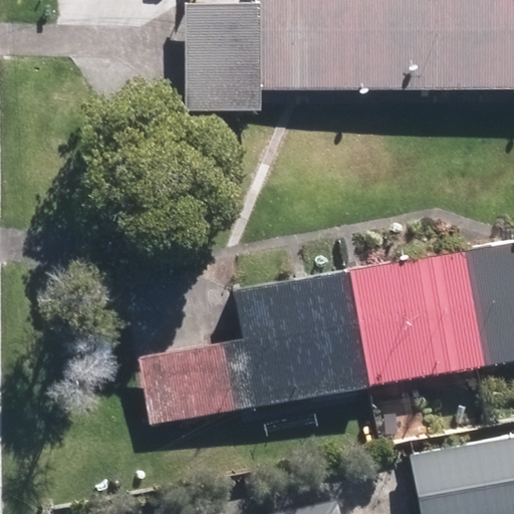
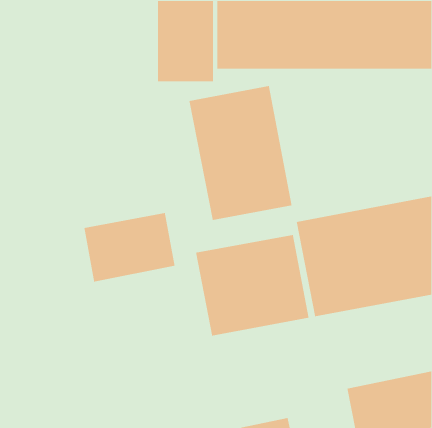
building: none -> [188,85,292,221]
building: [140,340,249,424] -> [83,212,176,282]

